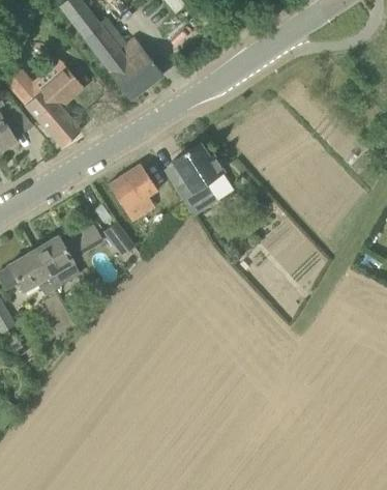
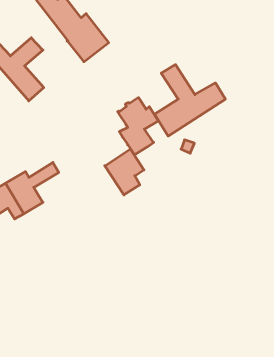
building: none -> [154,65,225,136]
building: [109,163,157,220] -> [105,149,144,195]
building: [103,221,137,256] -> none

